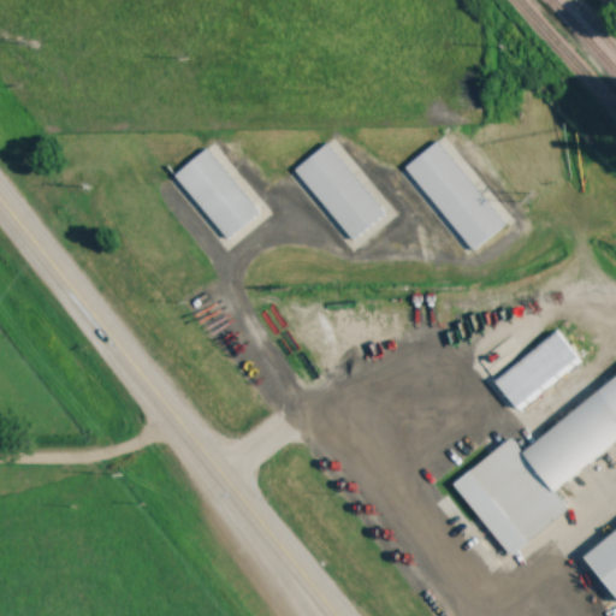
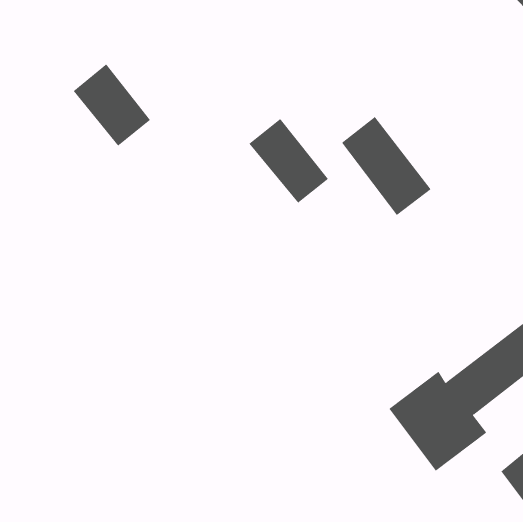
building: [171,143,262,241] -> [73,63,151,147]
building: [497,327,585,405] -> none

